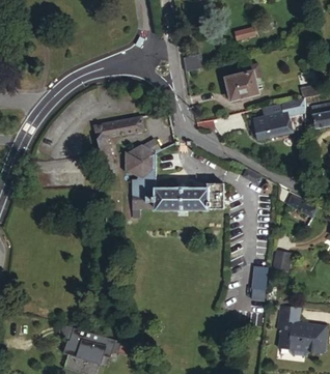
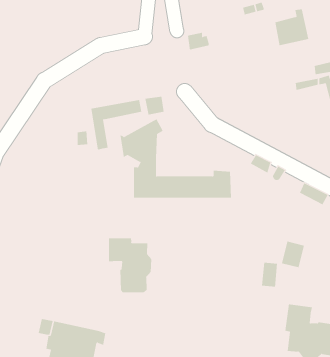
building: [226,66,258,100] -> [274,9,309,46]
building: [252,112,292,142] -> none
building: none -> [108,238,152,293]

